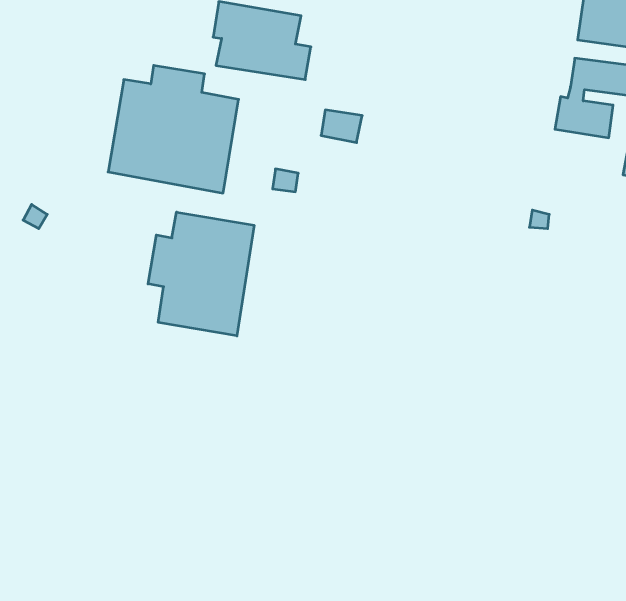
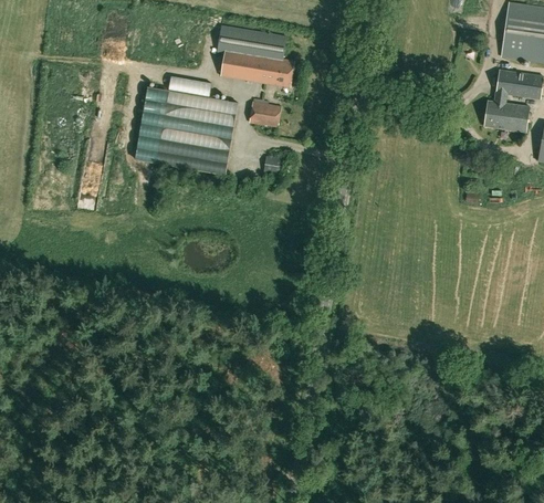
building: [321,110,362,143] -> [249,102,281,127]
building: [148,212,254,336] -> none

